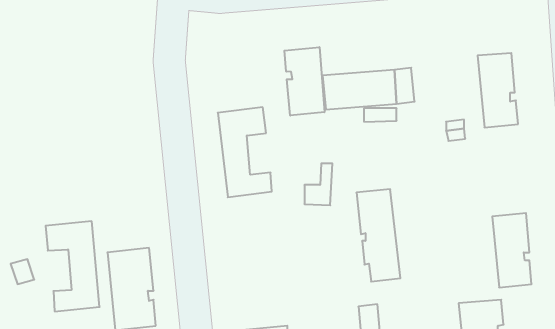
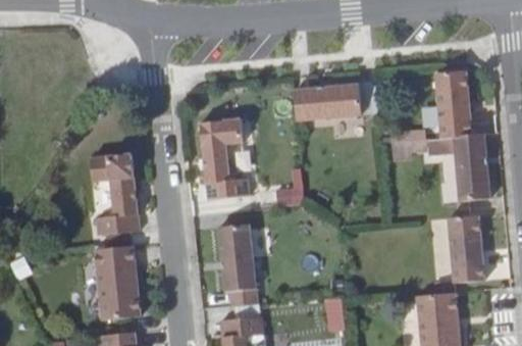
building: [284,47,324,116] -> none
building: none -> [425,133,488,200]
building: [356,189,400,282] -> [217,224,257,307]
building: [46,221,100,311] -> [93,155,142,237]

